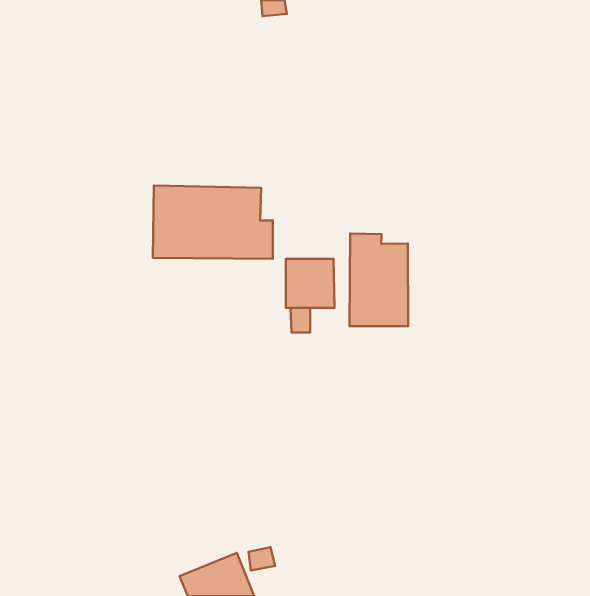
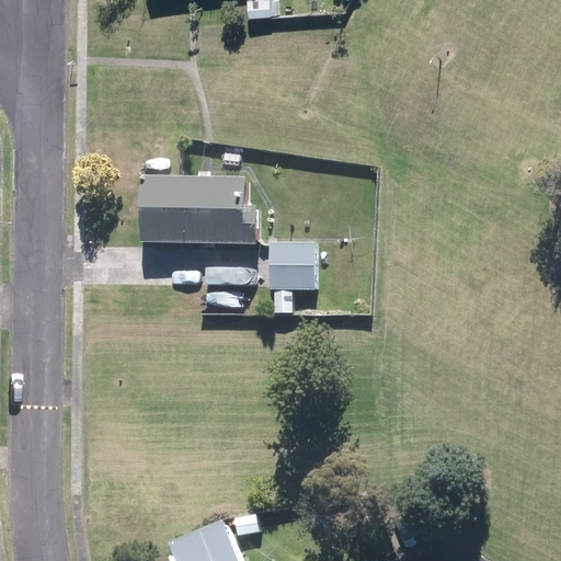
building: [349,234,408,326] -> none

